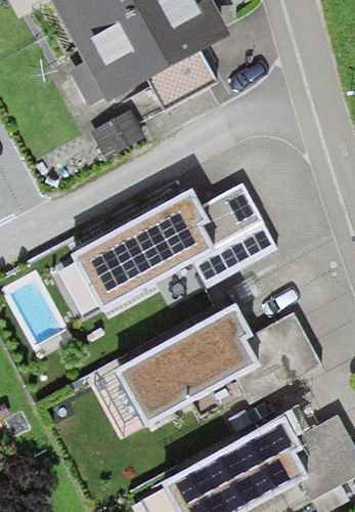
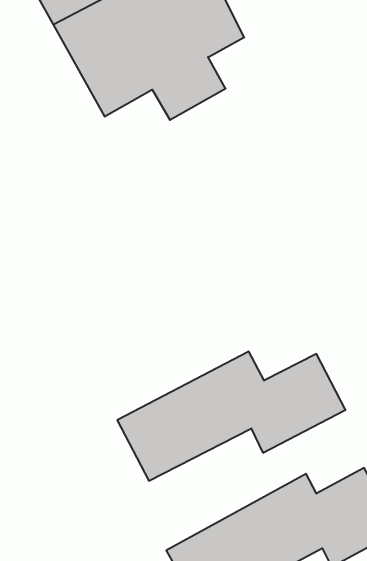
building: [75,182,273,306] -> none

